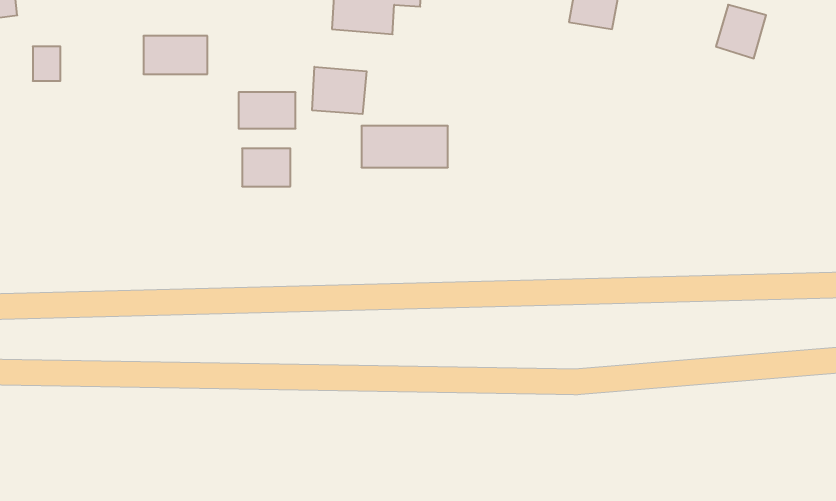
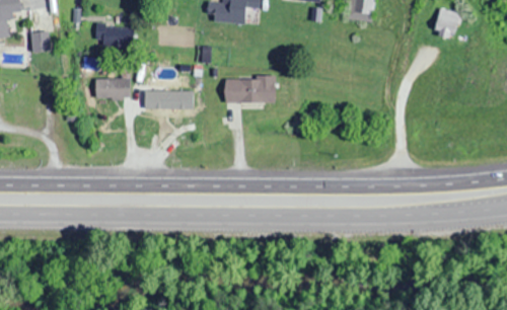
building: [312,67,367,114] -> none
building: [239,92,296,129] -> [96,78,130,99]

